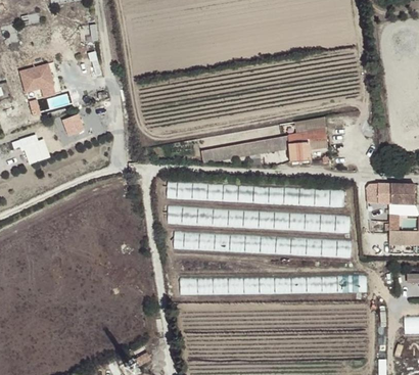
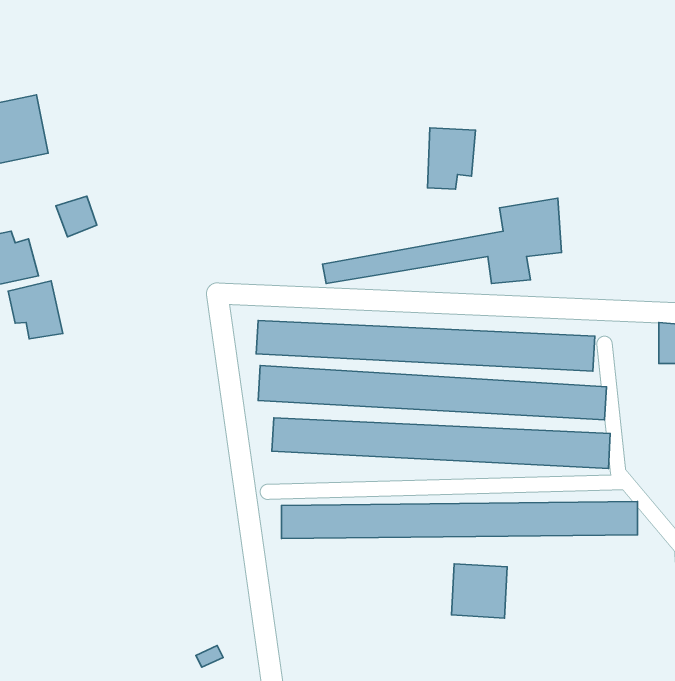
building: none -> [427,128,476,189]
building: none -> [8,281,63,339]
building: none -> [451,564,507,618]

